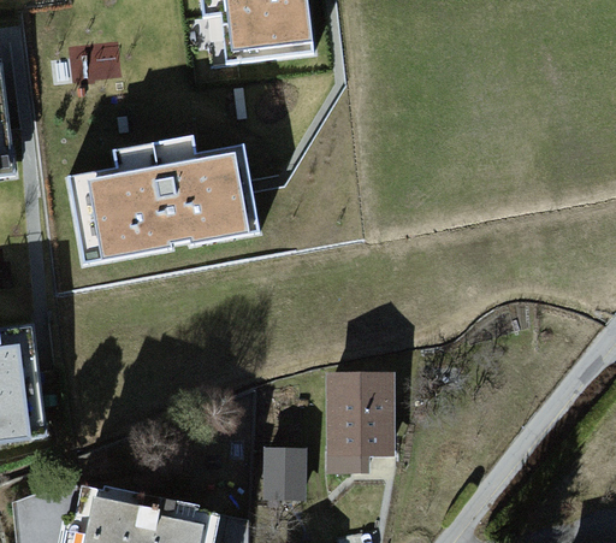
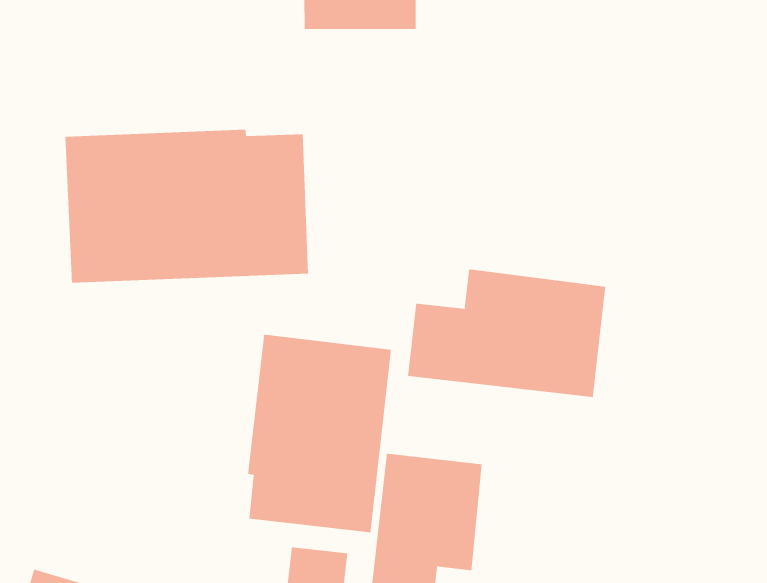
building: none -> [407,269,606,398]
building: none -> [247,334,392,533]

